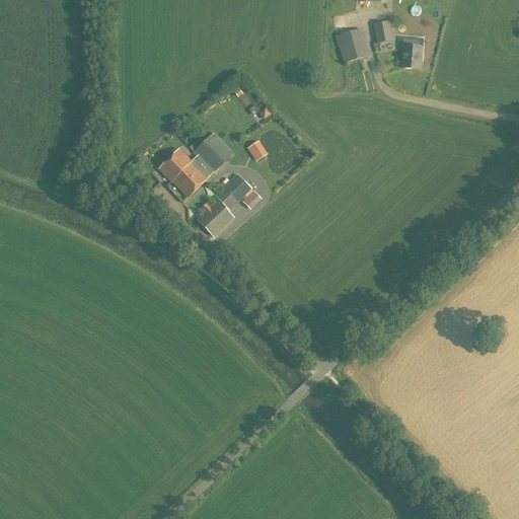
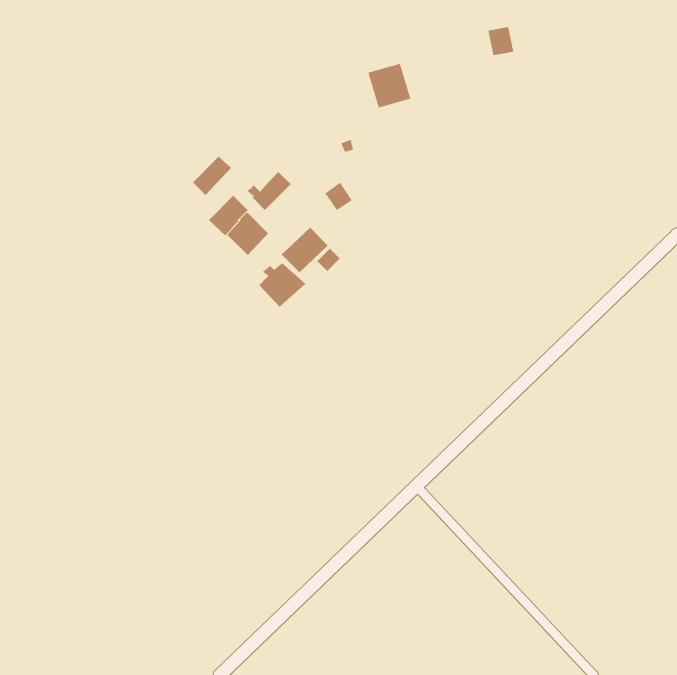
building: [336,27,369,62] -> [368,63,411,108]
building: [401,44,422,68] -> none
building: [203,141,233,171] -> [192,156,232,196]

